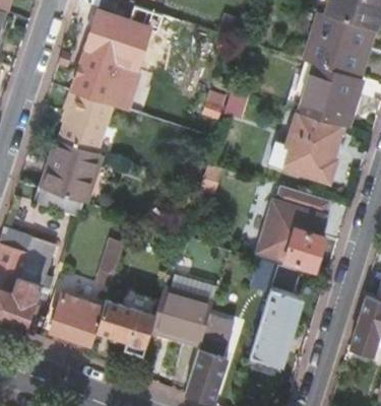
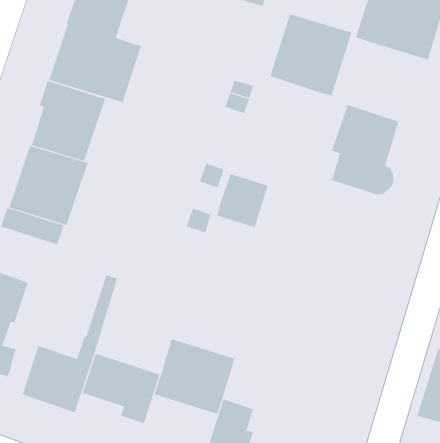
building: [302,64,365,127] -> [269,13,352,96]
building: [261,186,330,269] -> none
building: [251,265,304,364] -> none

